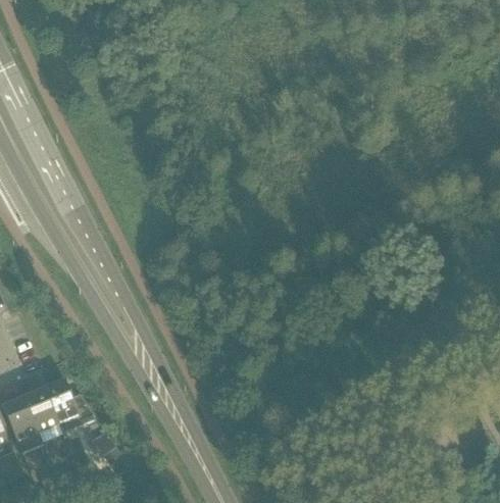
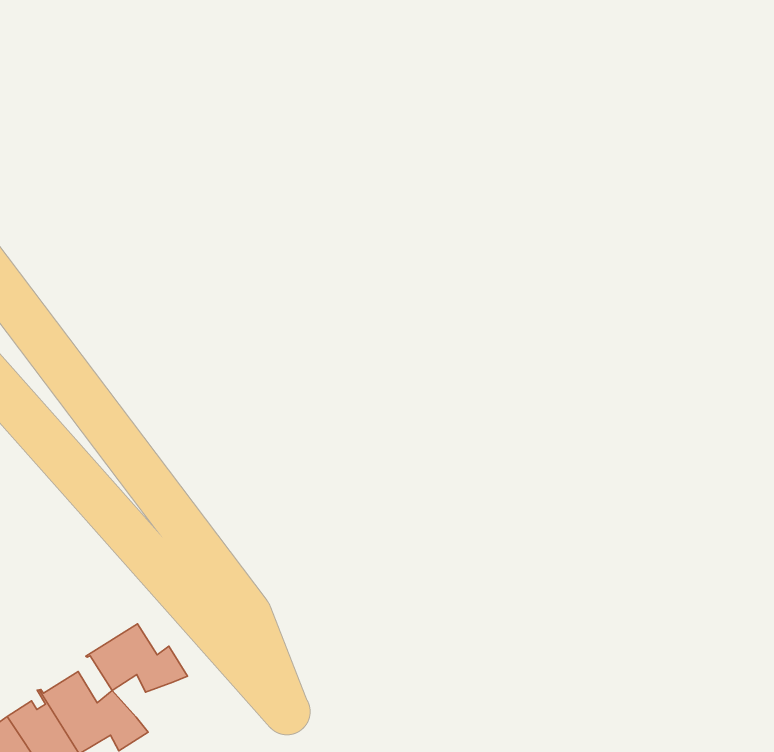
building: none -> [86,624,187,692]

